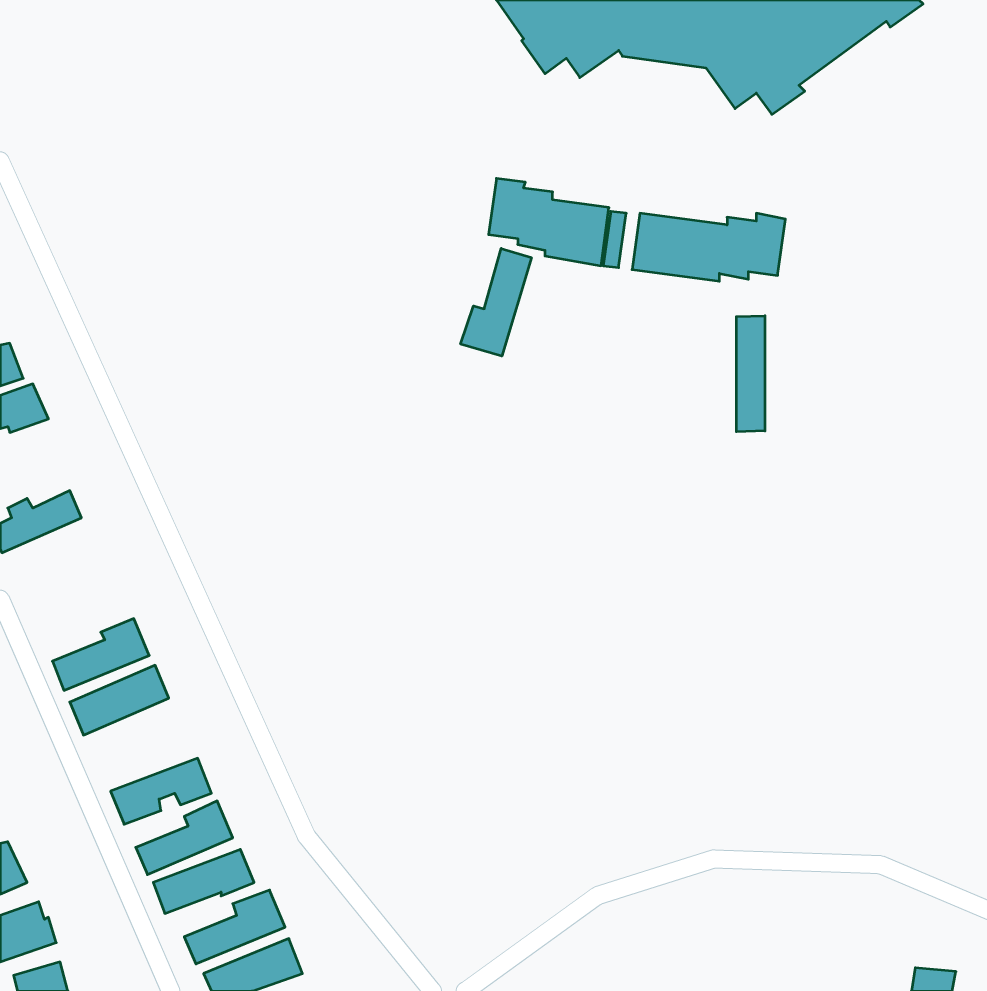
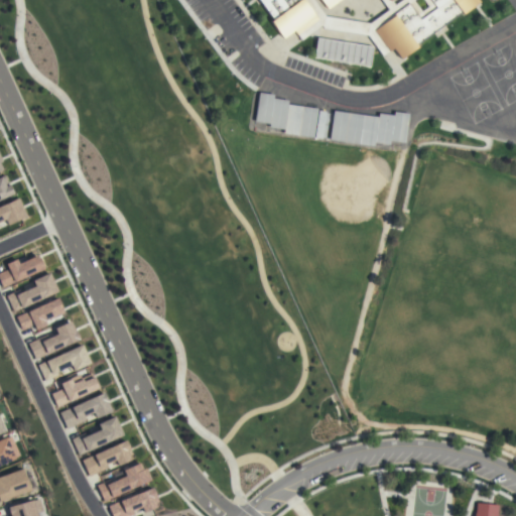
building: none -> [315,37,375,67]
building: [461,248,531,356] -> none
building: [736,316,765,432] -> none
building: none -> [6,277,57,310]
building: none -> [16,298,66,331]
building: none -> [51,376,99,407]

